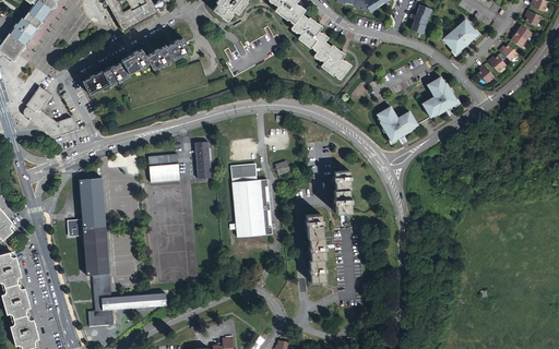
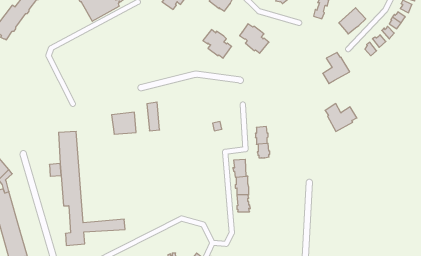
building: [292,13,329,50] -> [203,30,232,58]
building: [83,36,189,93] -> none
building: [23,87,78,135] -> none
building: [377,106,418,142] -> [325,104,357,131]
building: [231,166,274,239] -> none

